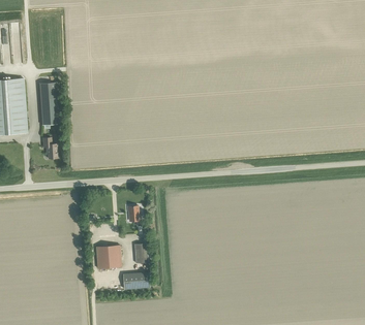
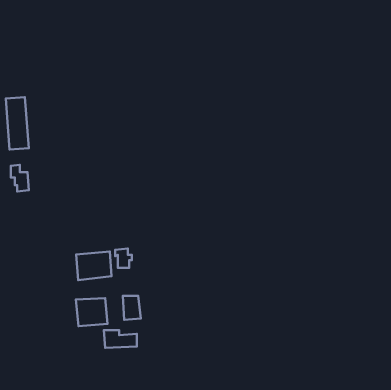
building: none -> [76,251,112,280]

